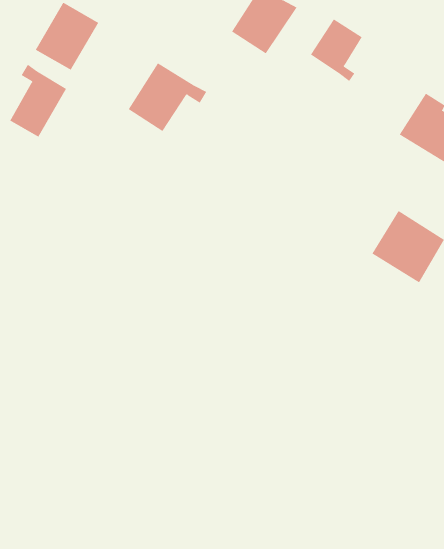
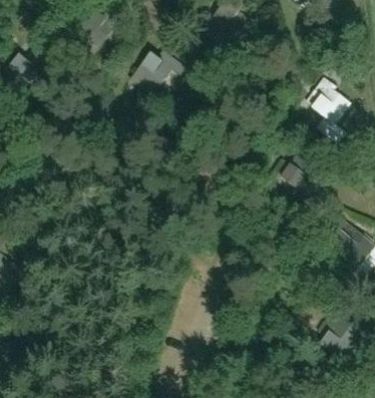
building: [310,18,363,82] -> none
building: [9,64,67,137] -> none

